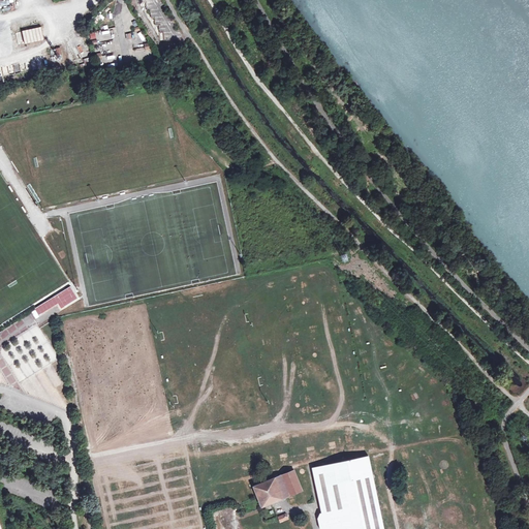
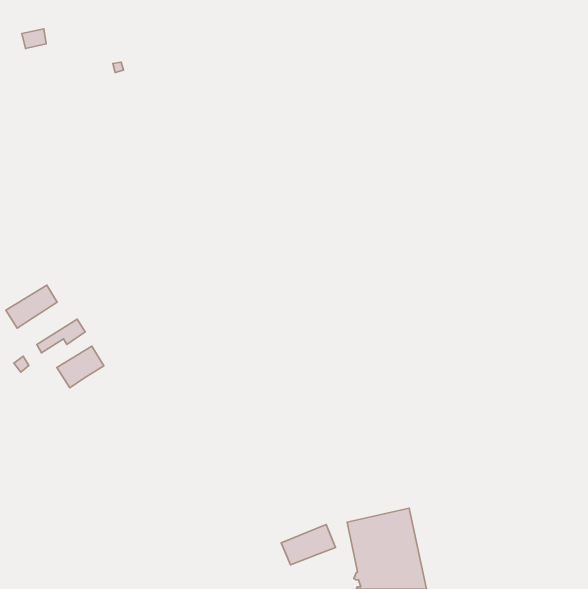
building: none -> [6,285,57,328]
building: none -> [57,346,104,388]

